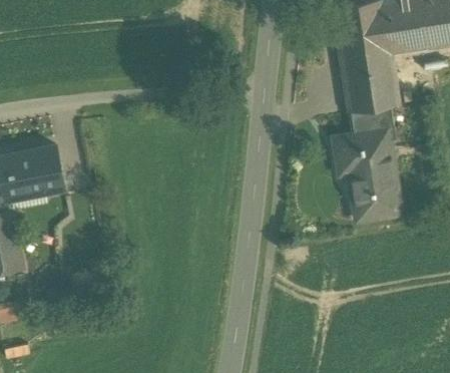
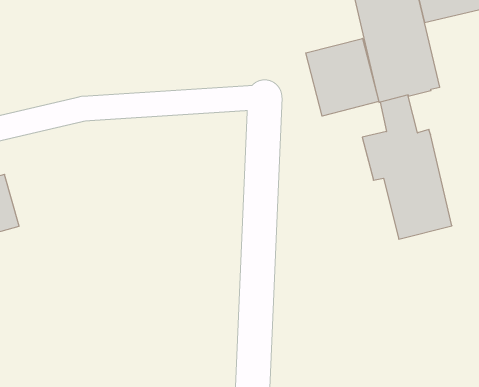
building: none -> [306,38,379,116]
building: [373,109,397,143] -> none

